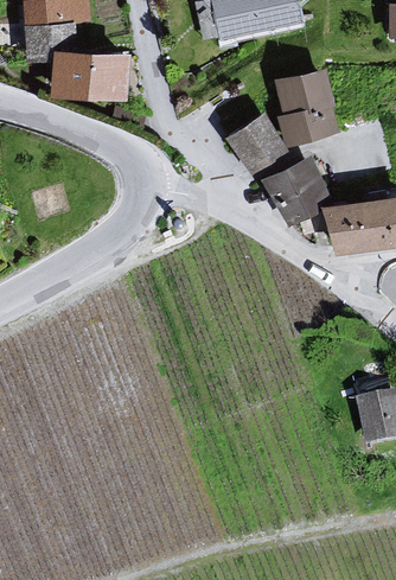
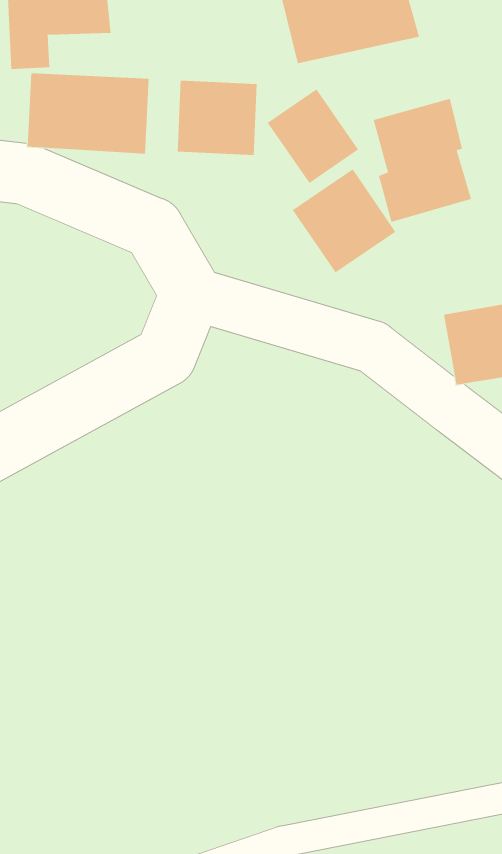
building: none -> [177,80,257,156]
building: none -> [267,88,359,184]
building: [262,157,331,222] -> none

